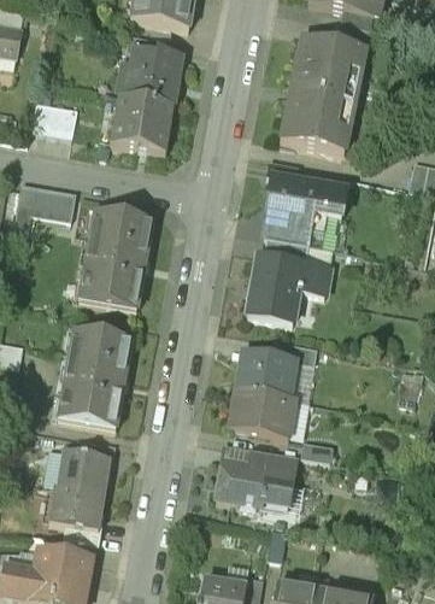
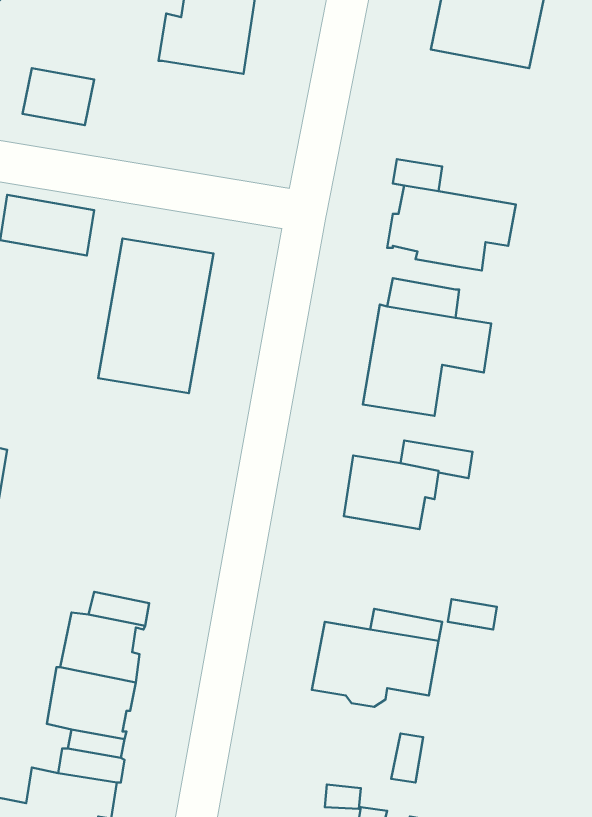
building: [280,93,353,154] -> none
building: [111,100,171,157] -> none
building: [263,218,308,246] -> none
building: [58,332,131,433] -> none
building: [228,391,294,441] -> none

